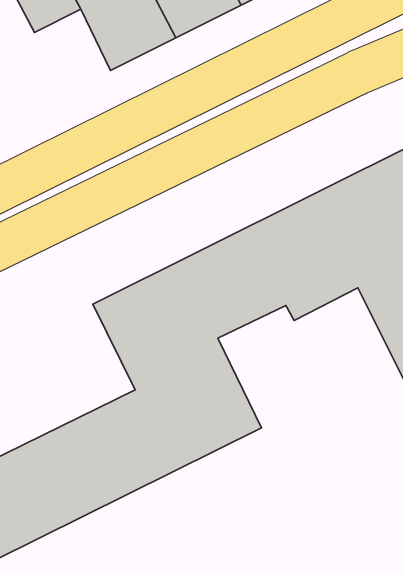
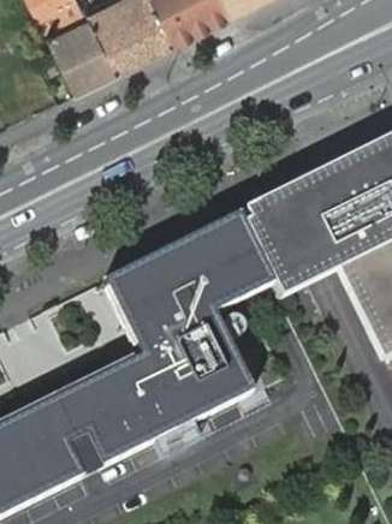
building: none -> [49,18,117,91]

